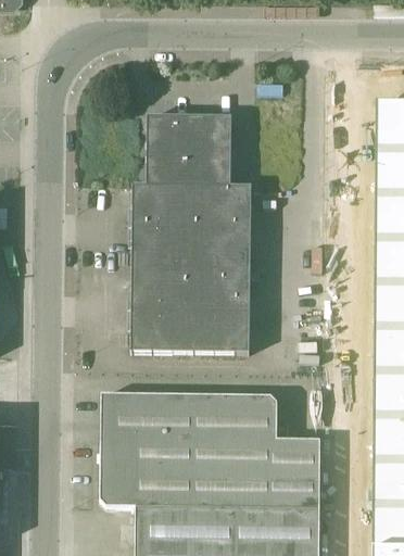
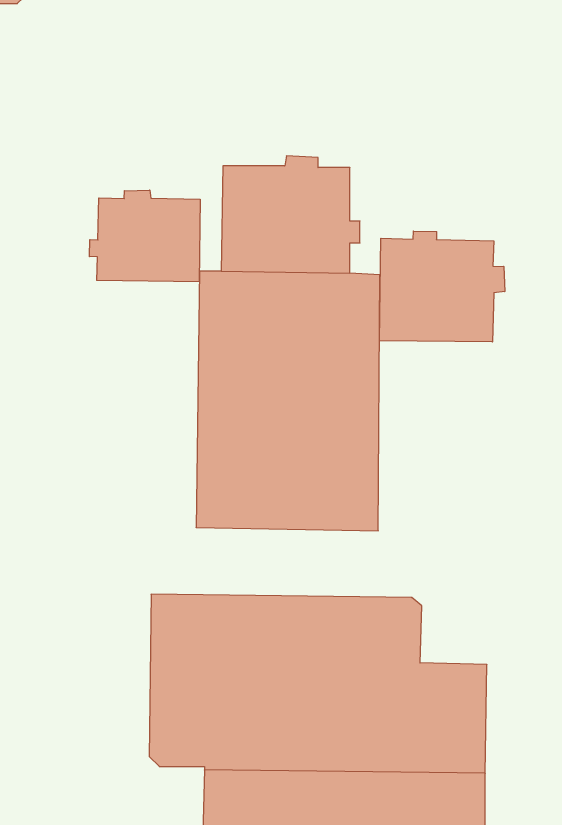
building: none -> [89,190,200,282]
building: none -> [380,231,505,342]

